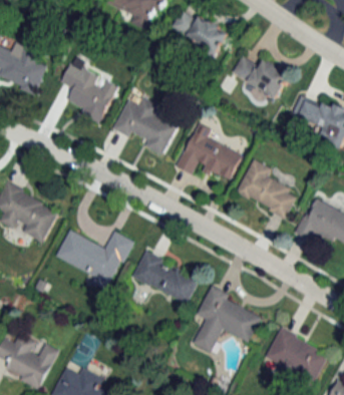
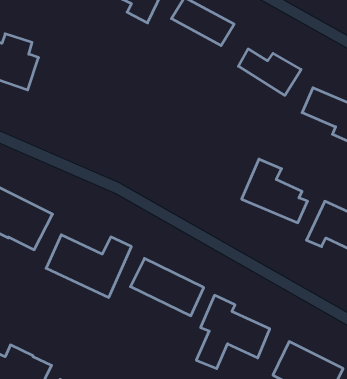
building: [60,63,118,120] -> none
building: [114,92,176,155] -> none
building: [176,122,242,181] -> none

